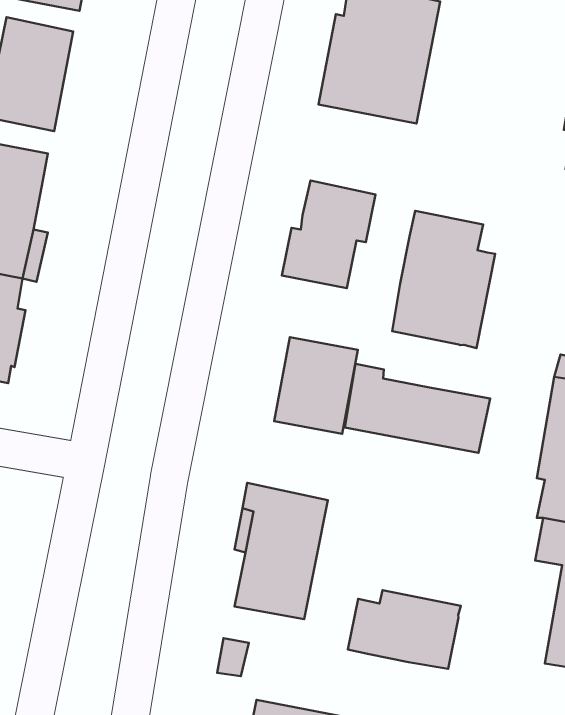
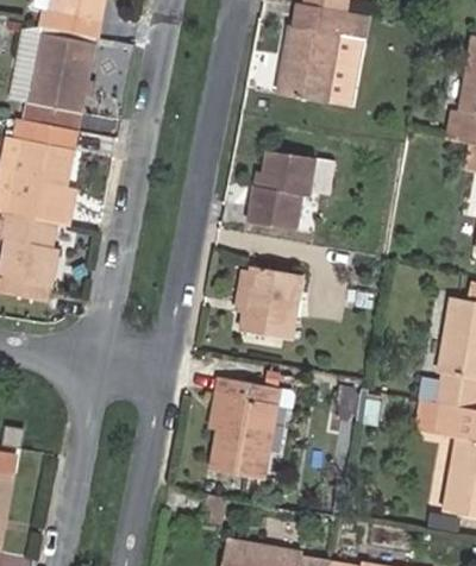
building: [392,211,495,348] -> none
building: [345,364,490,453] -> none
building: [348,590,461,669] -> none

